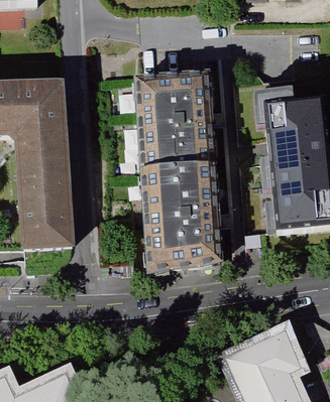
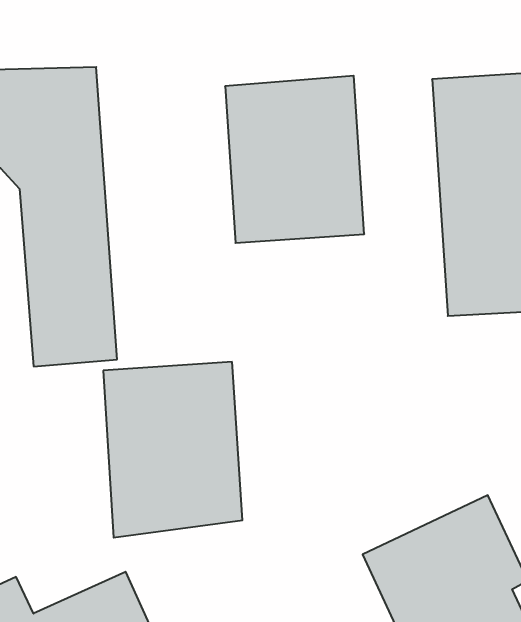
building: [141,175,222,277] -> [103,362,242,538]

